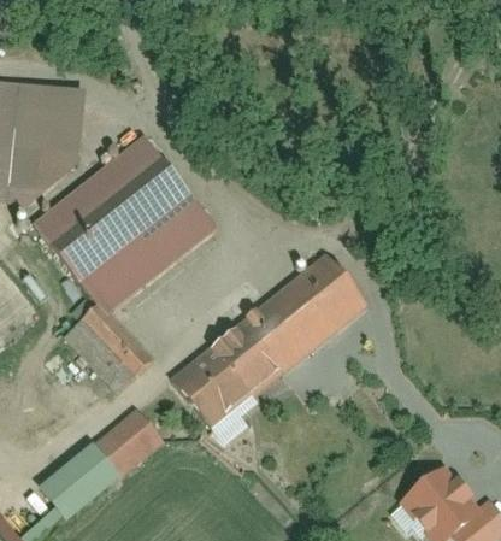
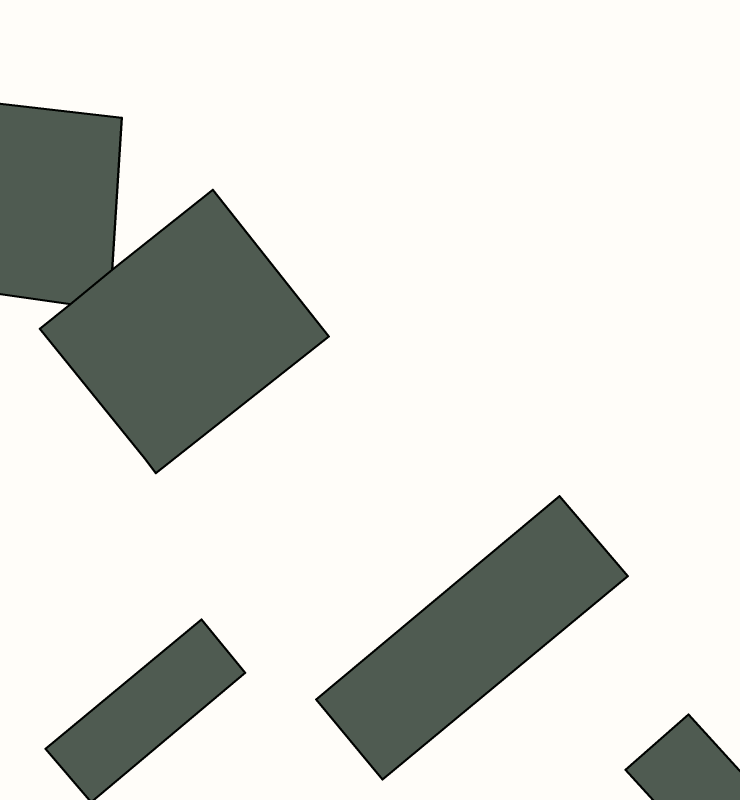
building: [173,249,371,429] -> [316,496,628,779]
building: [66,305,148,393] -> none

